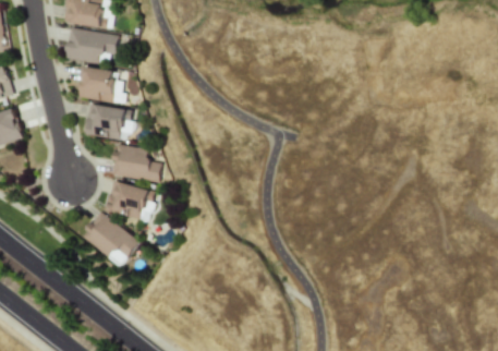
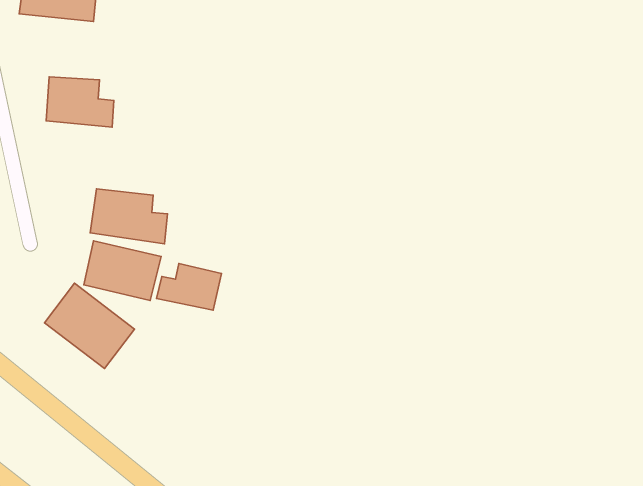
building: [64,28,119,63] -> none
building: [84,102,136,142] -> none
building: none -> [156,263,222,310]

